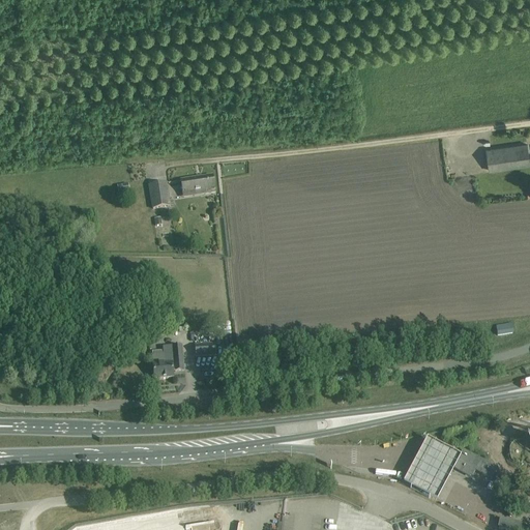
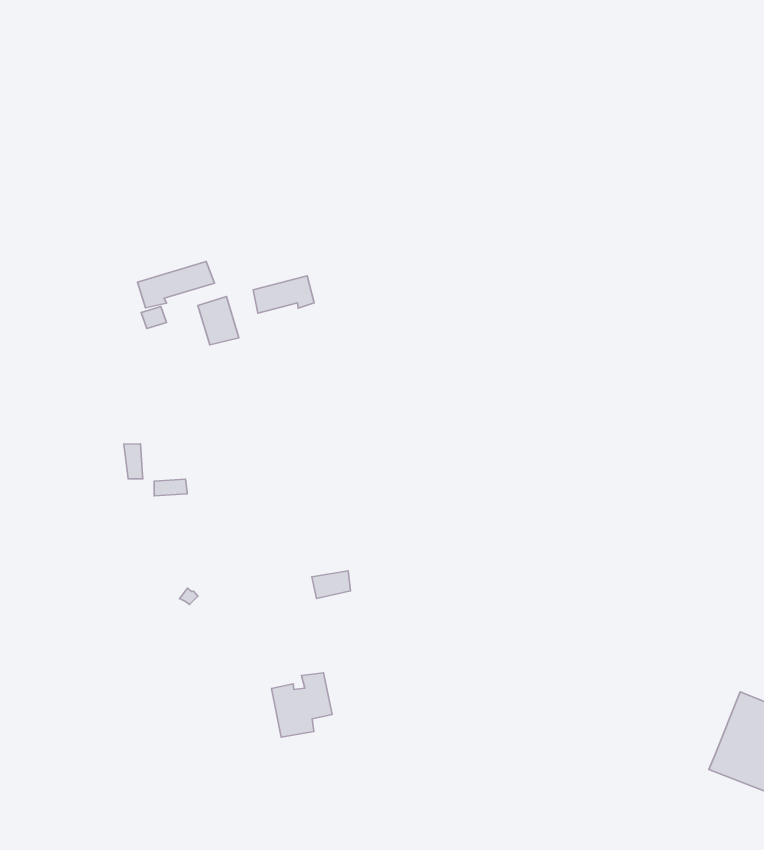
building: none -> [138,262,214,308]
building: [152,345,184,378] -> [272,673,332,737]

